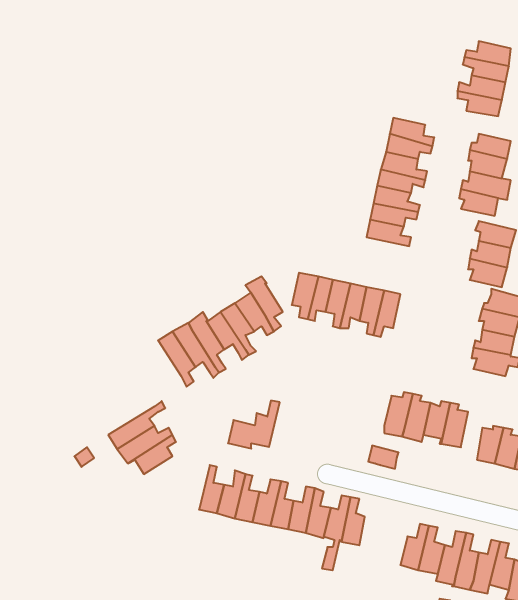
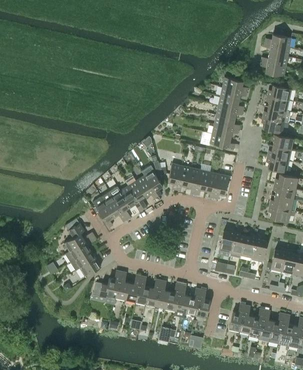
building: none -> [64,224,95,255]
building: [228,401,280,449] -> [93,271,122,298]

